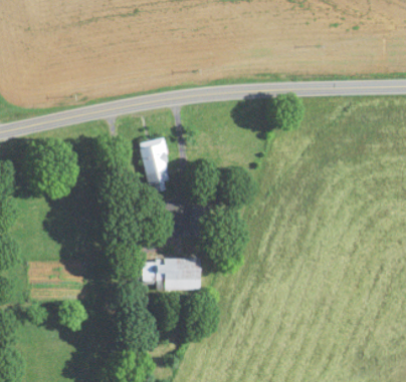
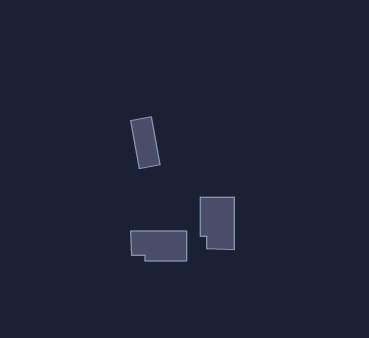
building: none -> [200,197,234,250]

